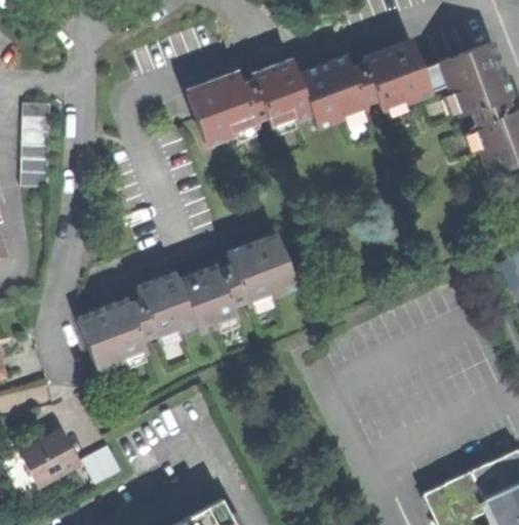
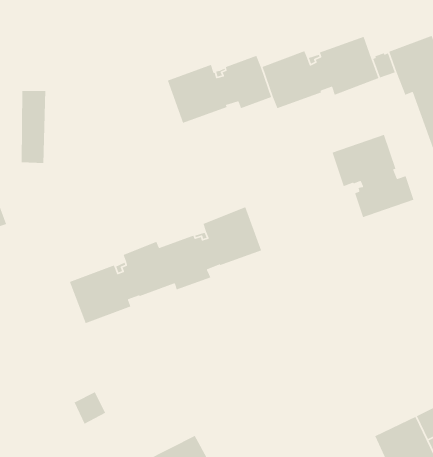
building: none -> [332,134,414,218]
building: [19,429,79,483] -> none

